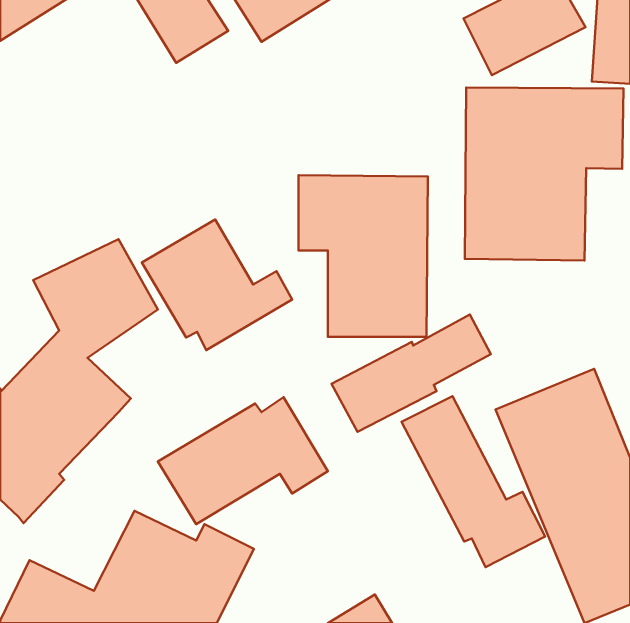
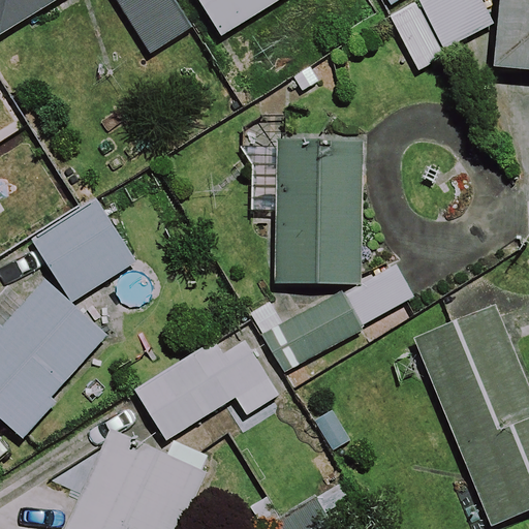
building: [465,87,623,261] -> none
building: [142,219,292,350] -> none
building: [402,396,545,567] -> none

